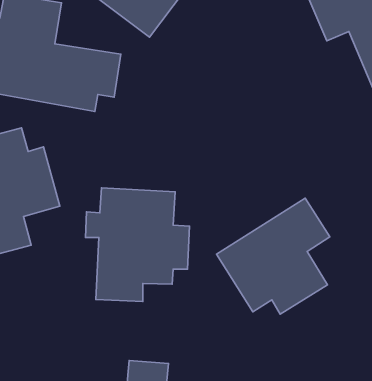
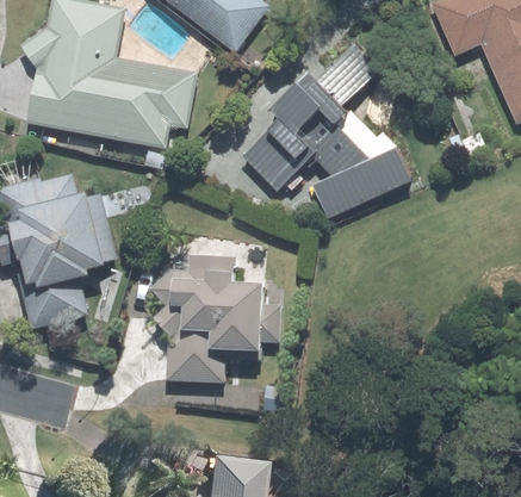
building: none -> [242,36,409,219]
building: [216,198,330,314] -> none

